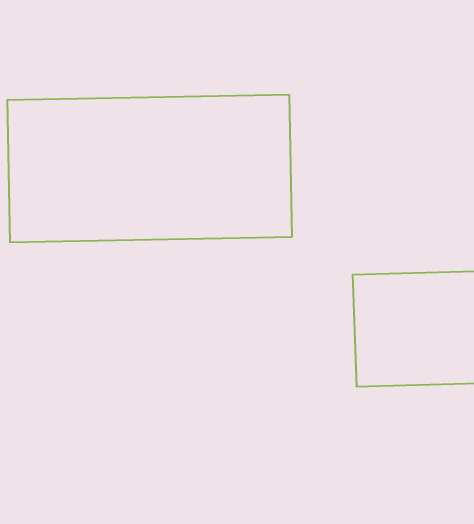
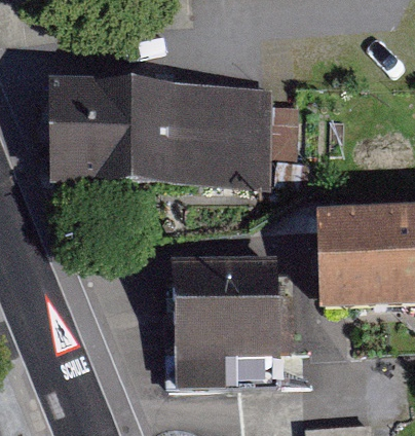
building: none -> [174,287,275,384]

